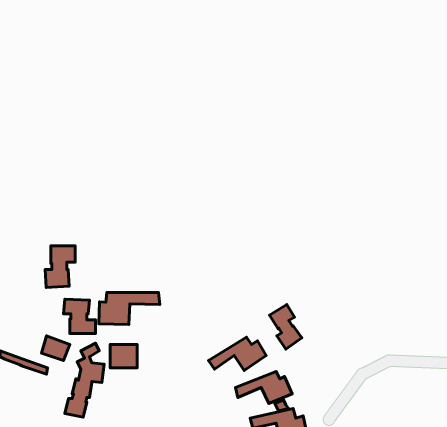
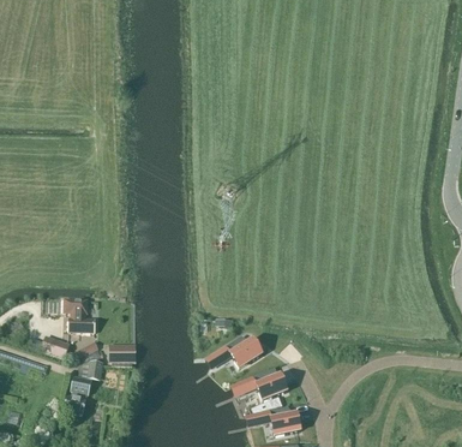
building: [45,246,75,288] -> none
building: [99,293,160,325] -> none
building: [270,304,302,349] -> none

